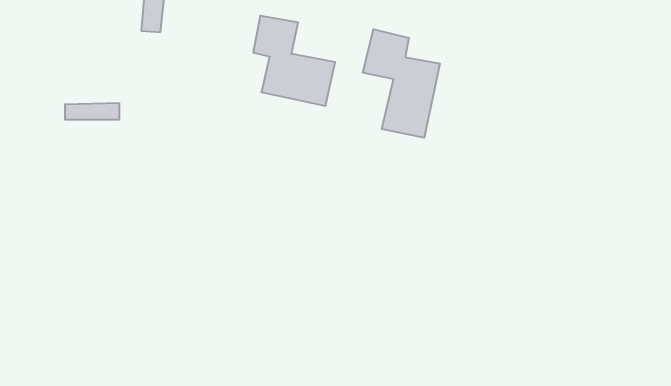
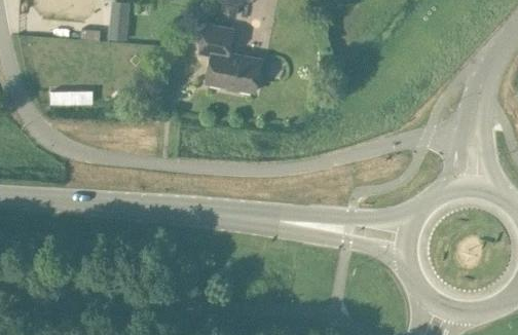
building: [363,29,440,138] -> none

